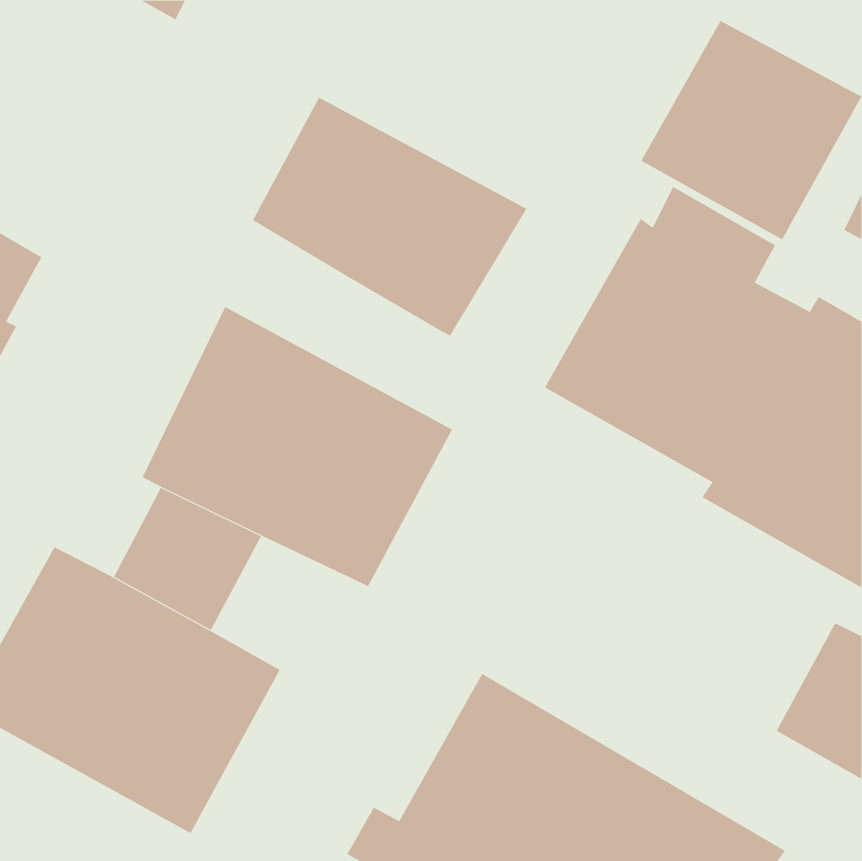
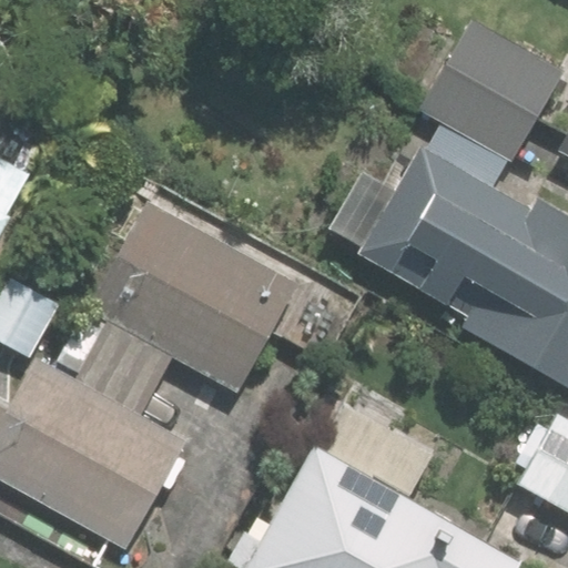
building: [252,97,527,336] -> none

